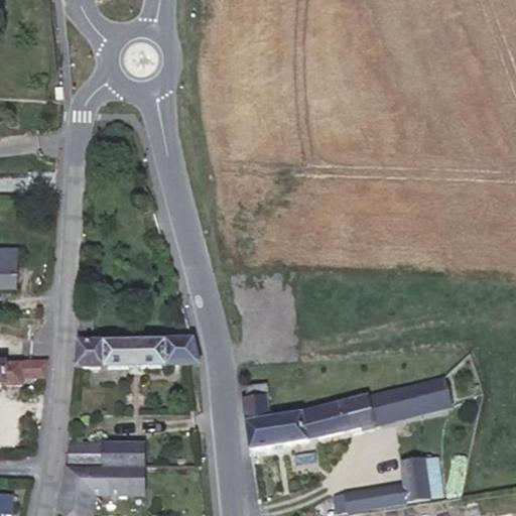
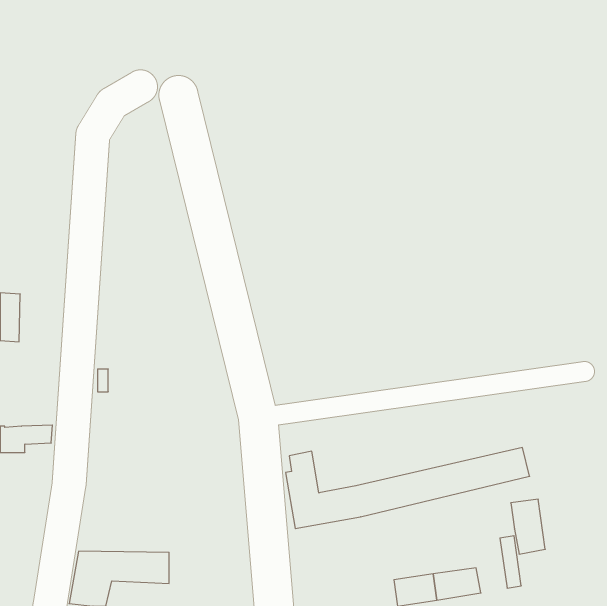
building: [77,338,201,368] -> none
building: [68,442,144,466] -> none
building: [401,456,430,502] -> [511,499,545,554]

